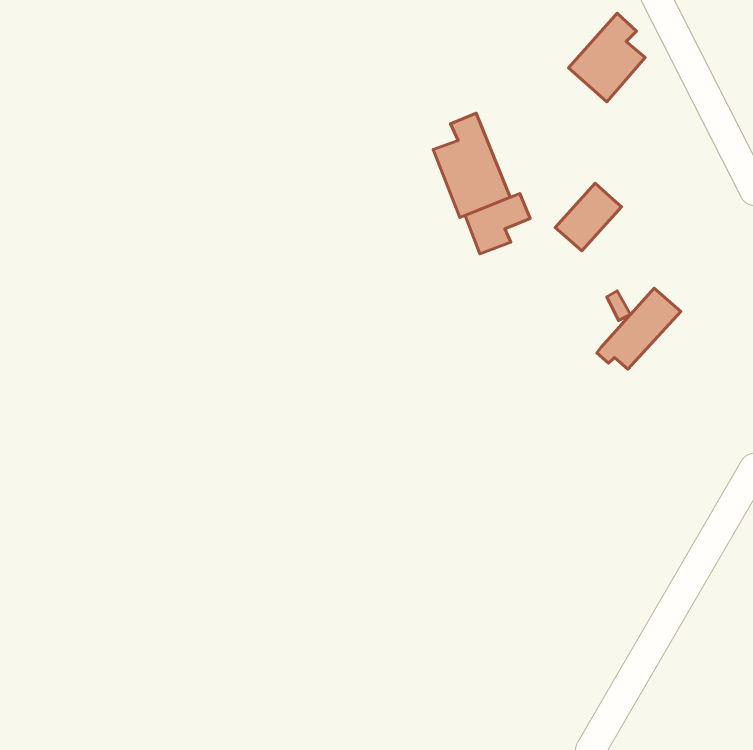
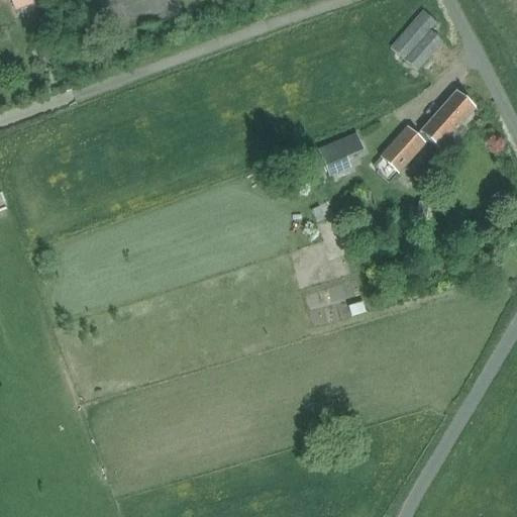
building: [433,113,510,217] -> none
building: [597,288,681,369] -> [418,90,476,145]

